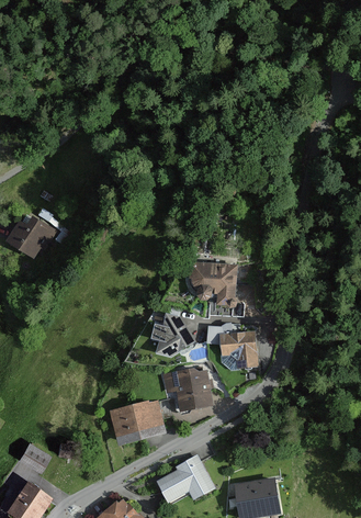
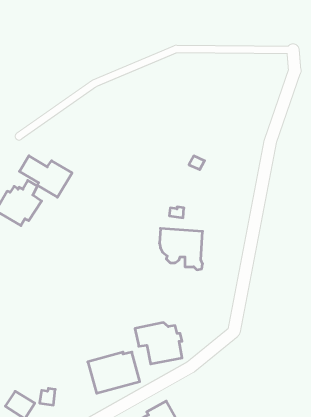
building: none -> [19,156,72,197]
building: [151,306,196,357] -> none
building: [207,323,259,370] -> none

